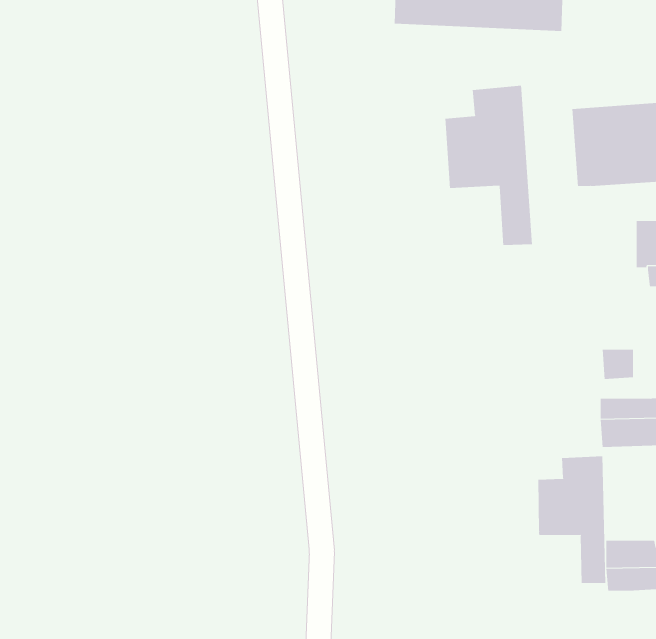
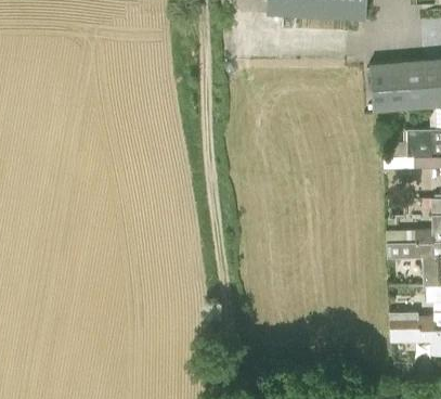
building: [445,85,533,246] -> none
building: [538,456,606,584] -> none

